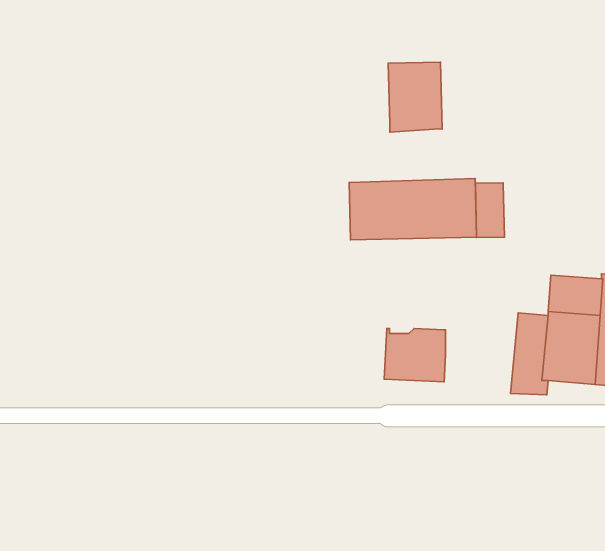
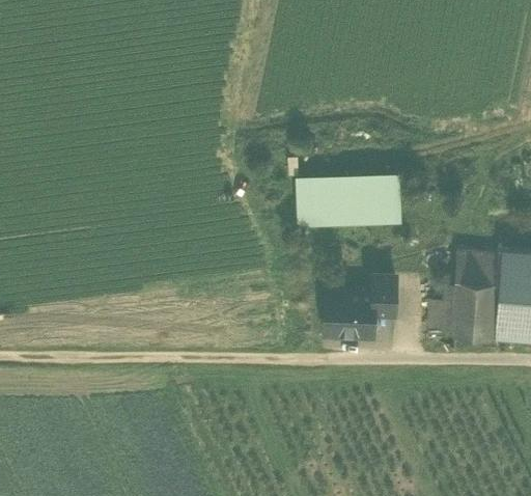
building: [388,62,442,132] -> none
building: [475,183,504,238] -> none
building: none -> [373,279,396,316]

